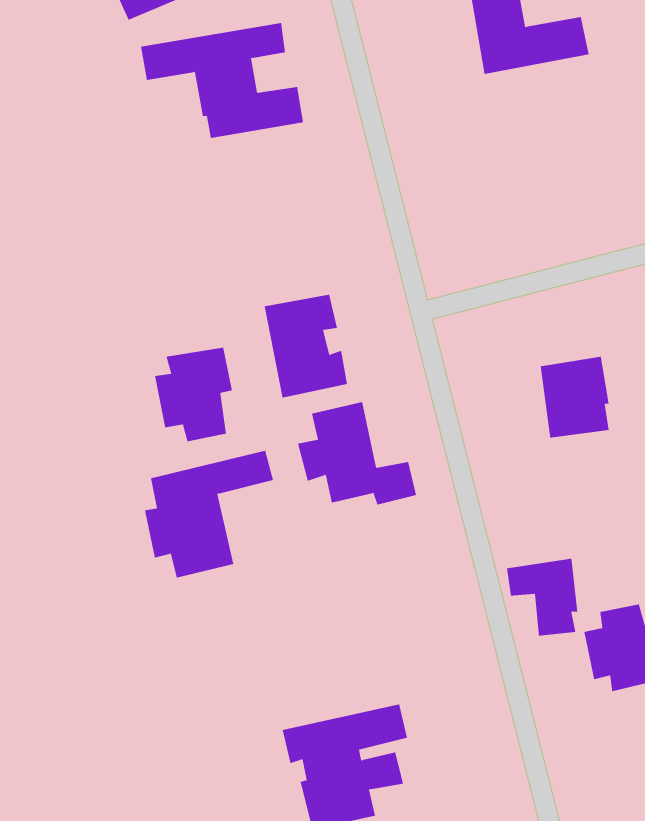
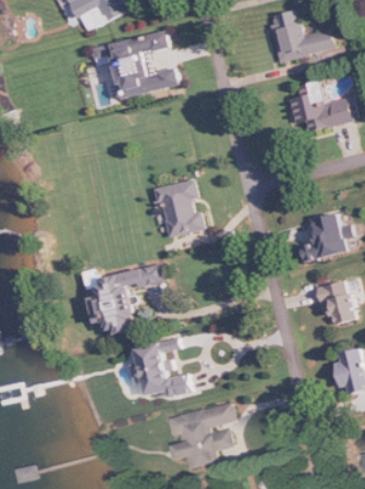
building: none -> [288,81,356,132]
building: [155,347,233,442] -> none
building: [297,401,417,505] -> [127,341,193,398]
building: [506,558,578,636] -> [316,281,355,323]

